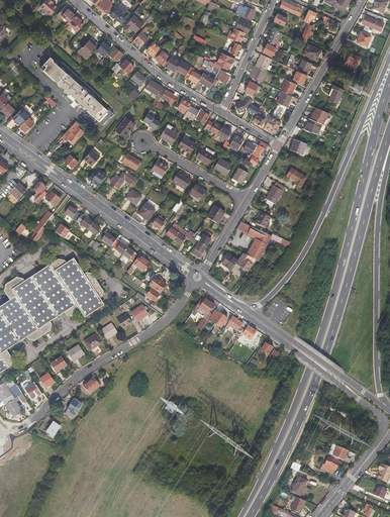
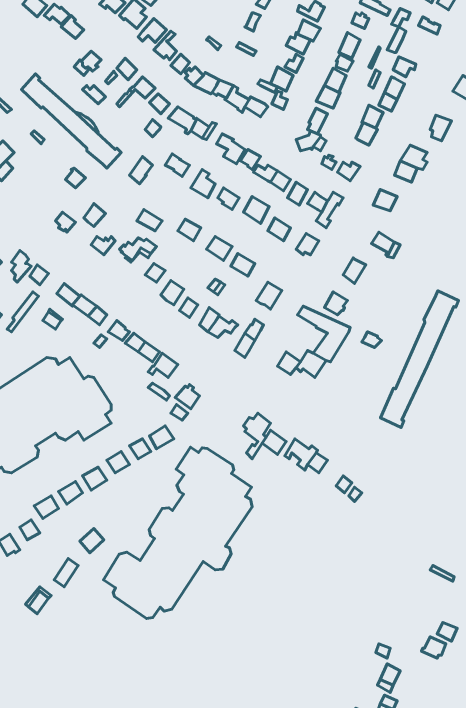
building: none -> [380,291,459,428]
building: none -> [104,447,252,618]

